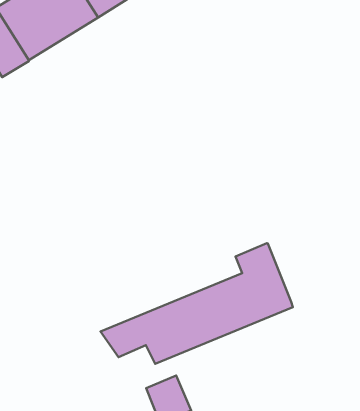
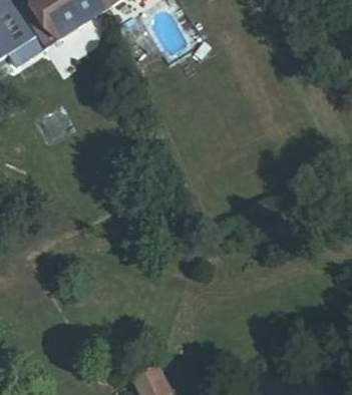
building: [101,243,293,364] -> none

